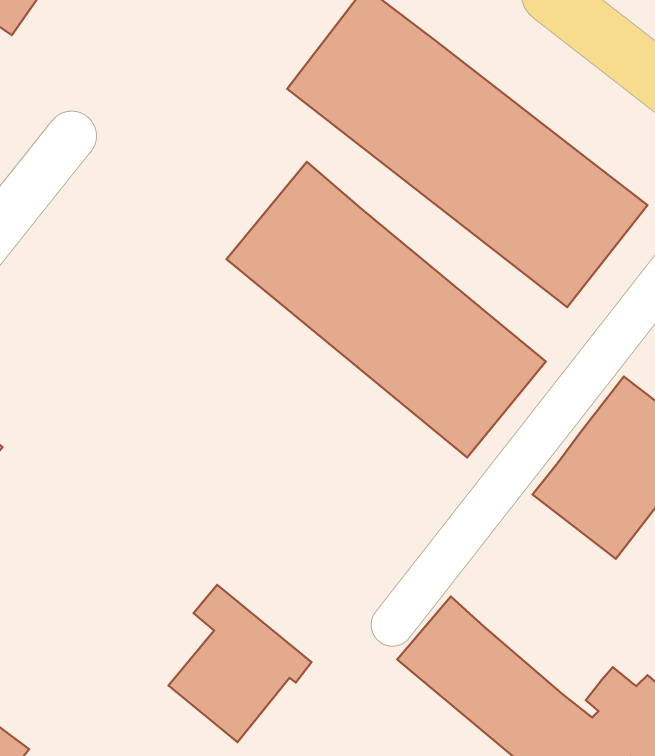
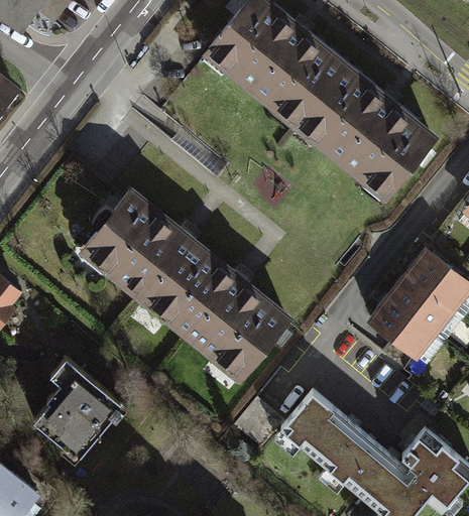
building: [227,162,546,457] -> [85,185,289,375]
building: [168,585,312,742] -> [33,356,125,457]

